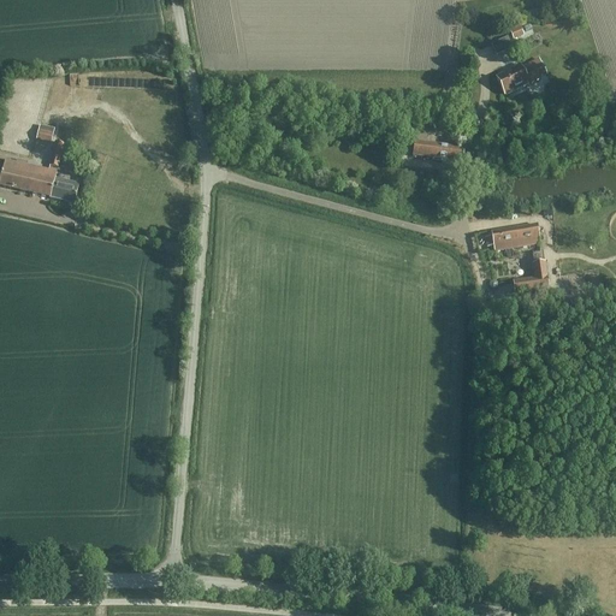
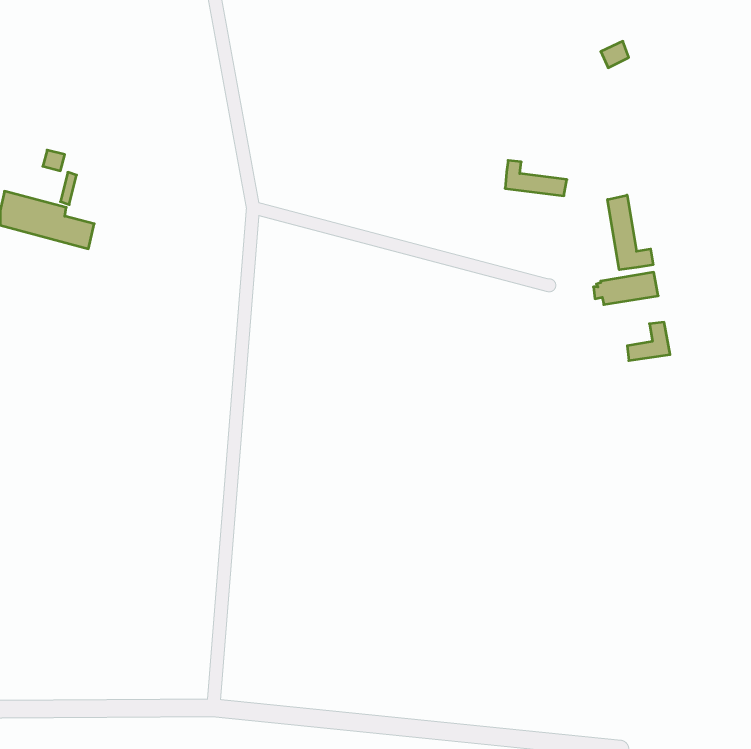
building: [497,58,547,94] -> none
building: none -> [608,195,653,270]

